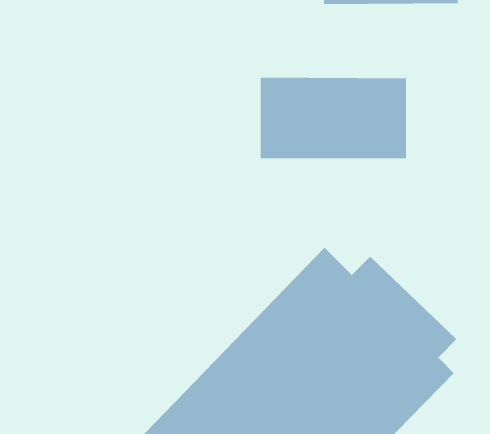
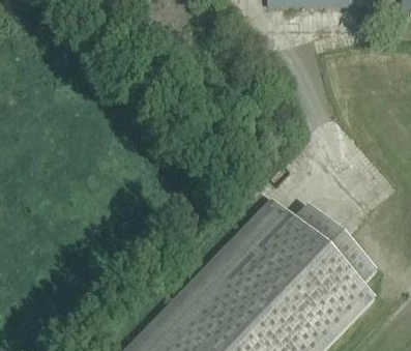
building: [260,77,407,159] -> none

